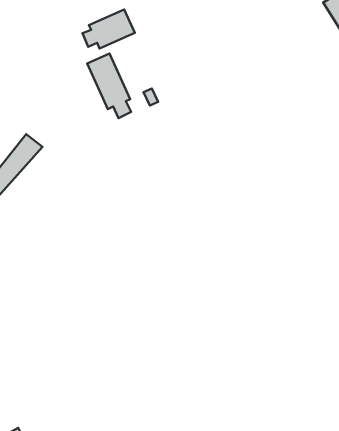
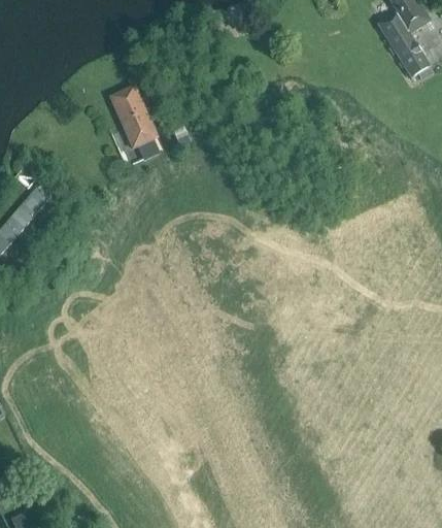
building: [82,9,135,49] -> none

